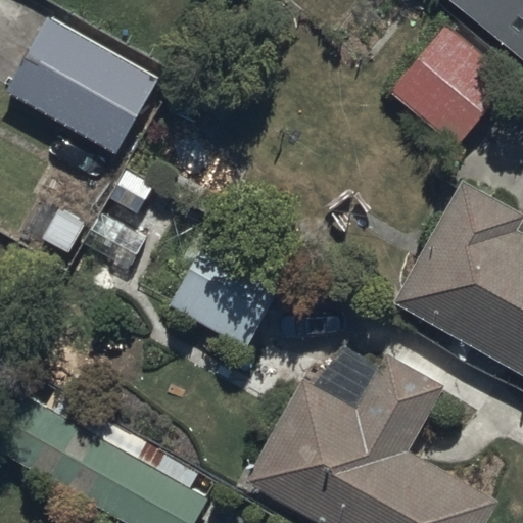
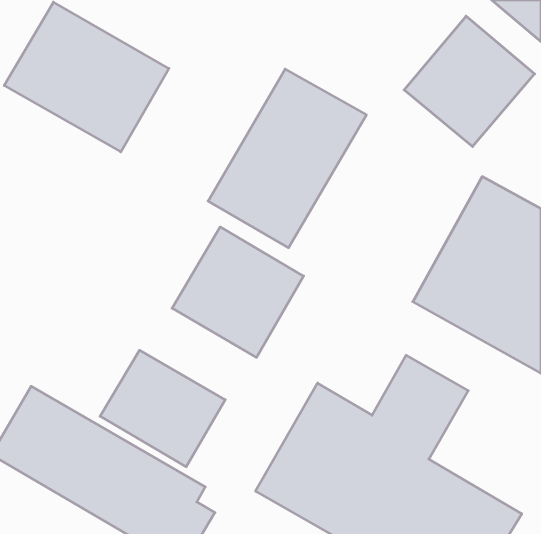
building: none -> [208,69,366,248]
building: none -> [100,350,225,467]

